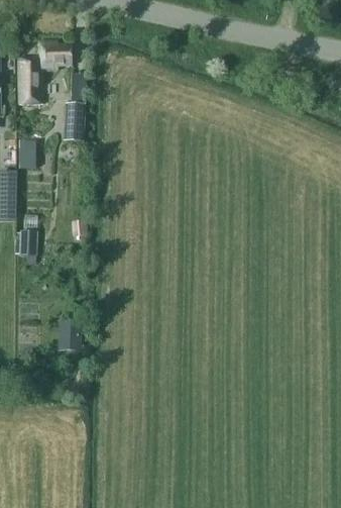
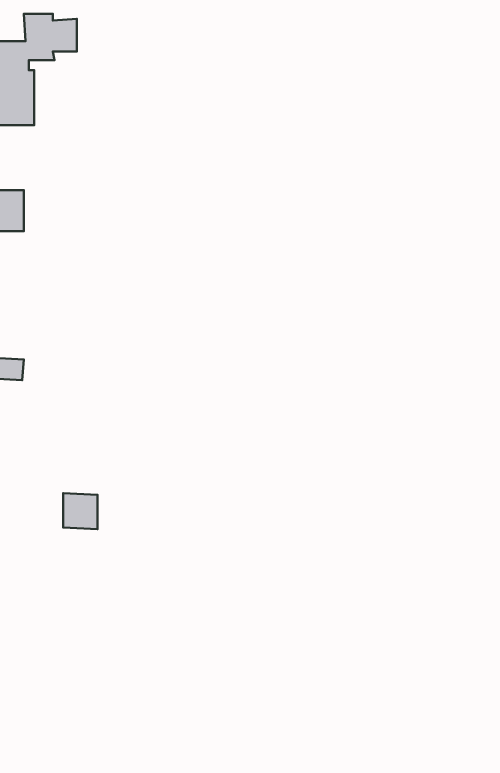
building: [67,102,85,140] -> none

